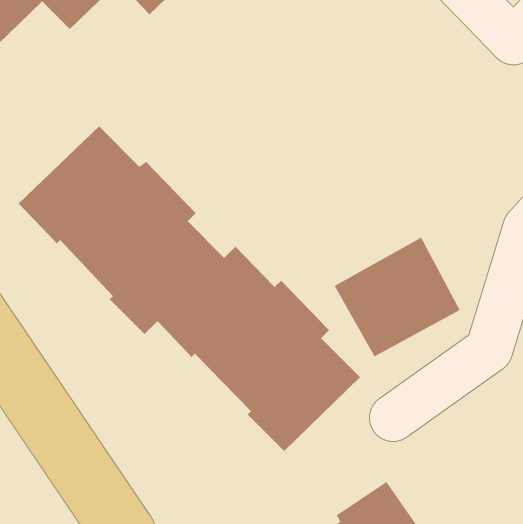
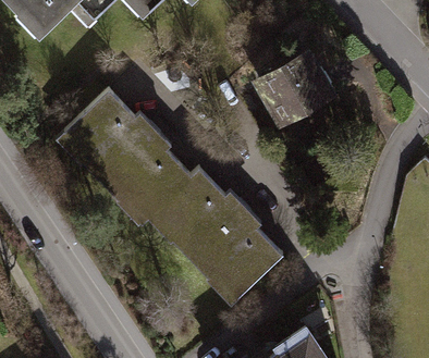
building: [334,237,460,357] -> [252,49,336,129]

